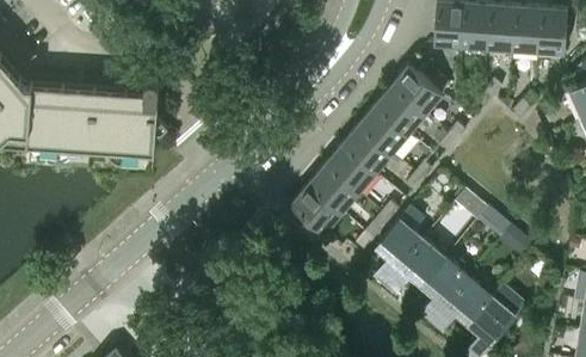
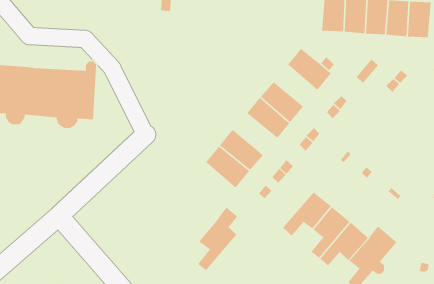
building: [374,85,427,136] -> none
building: [323,144,378,196] -> none
building: [374,205,424,284] -> [197,207,238,271]

